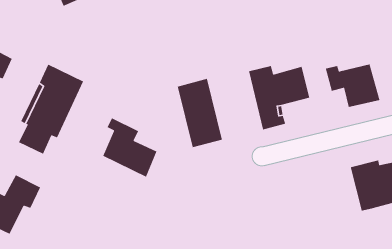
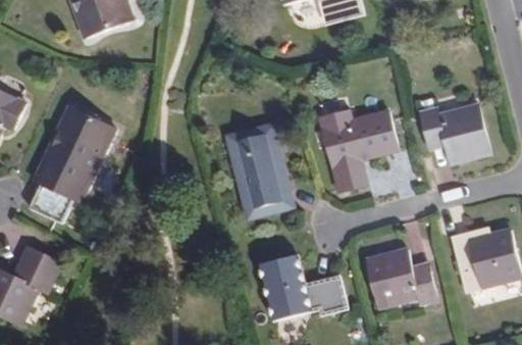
building: [102,117,158,178] -> none
building: none -> [365,250,435,307]
building: none -> [259,255,344,317]

